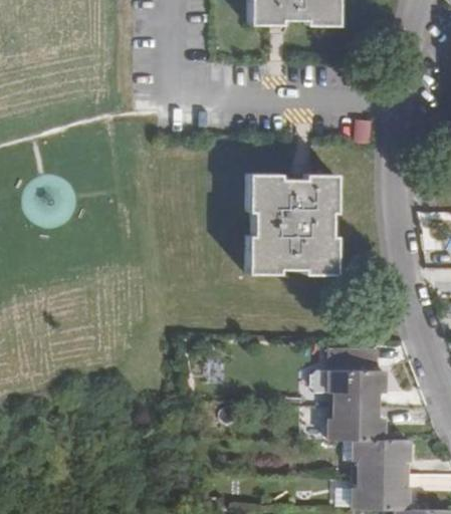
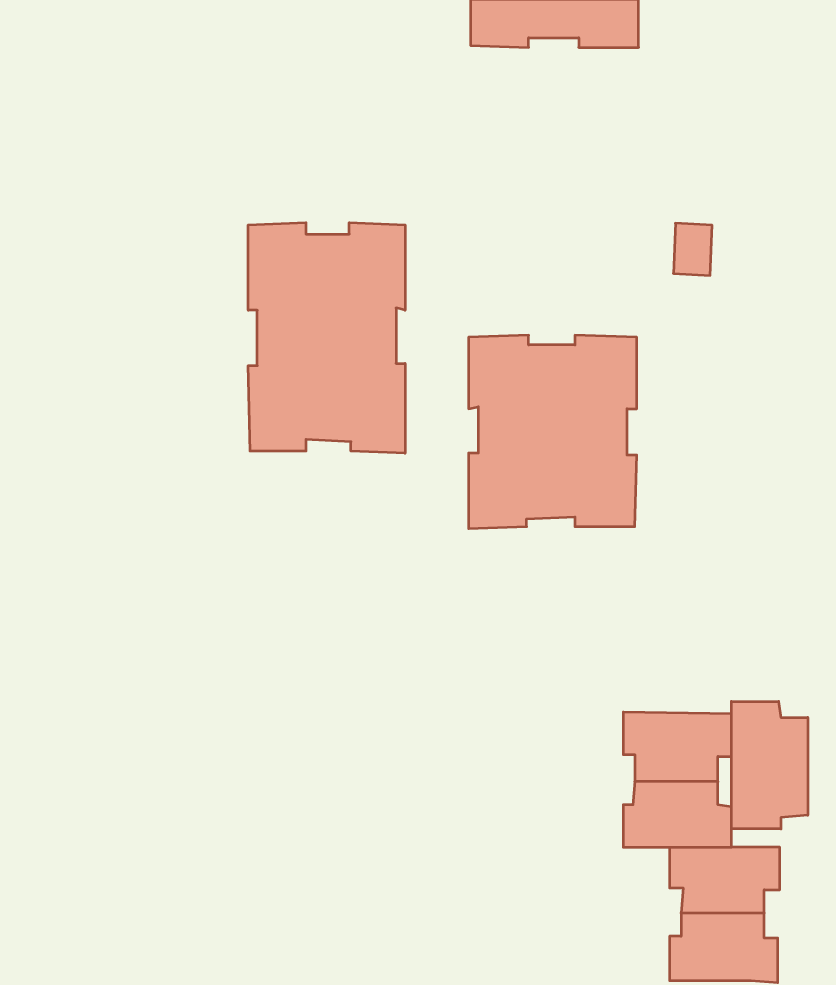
building: none -> [248,223,405,453]
building: none -> [731,701,808,829]

